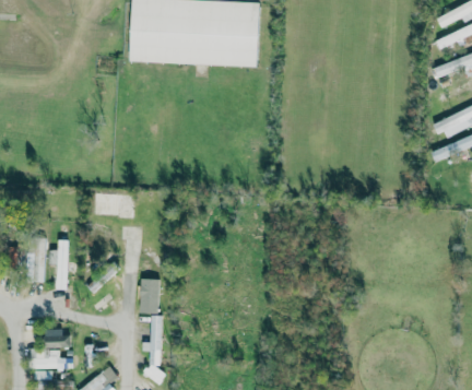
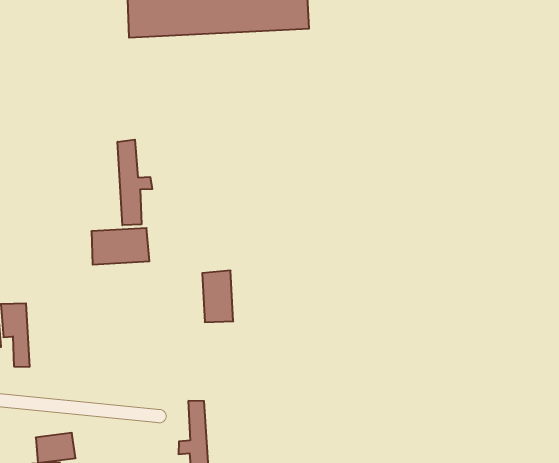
building: none -> [118,140,152,225]
building: [49,239,69,288] -> none
building: [140,279,161,314] -> [202,271,233,322]

